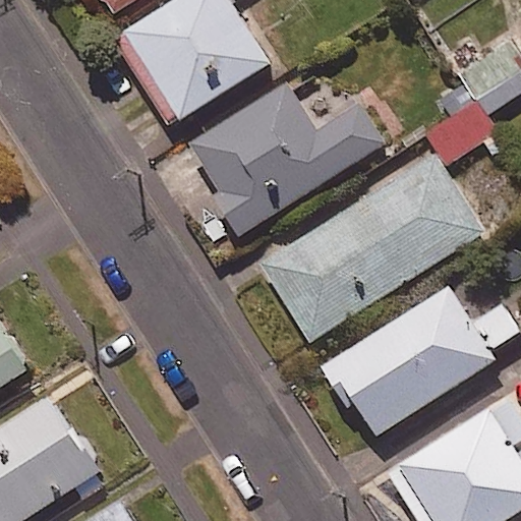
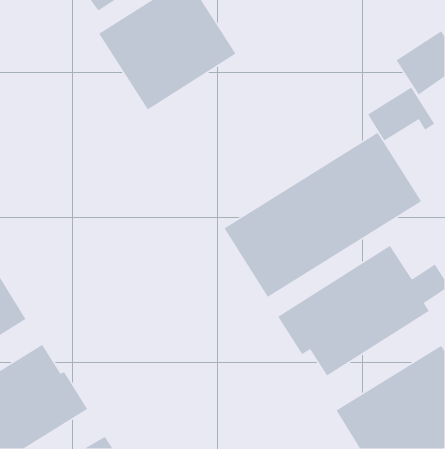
building: [188,80,389,237] -> none

